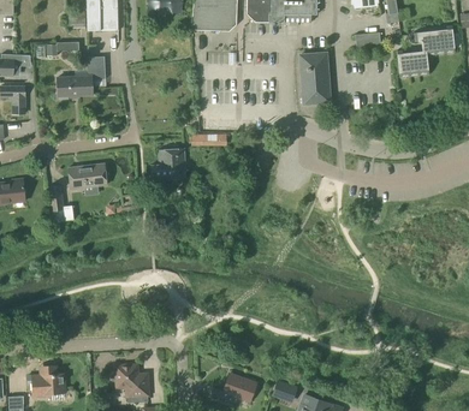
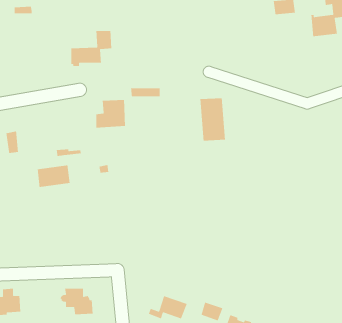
building: [299,53,330,103] -> [200,97,226,141]
building: [57,56,105,99] -> [70,30,112,67]
building: [67,162,106,189] -> [37,165,70,188]

